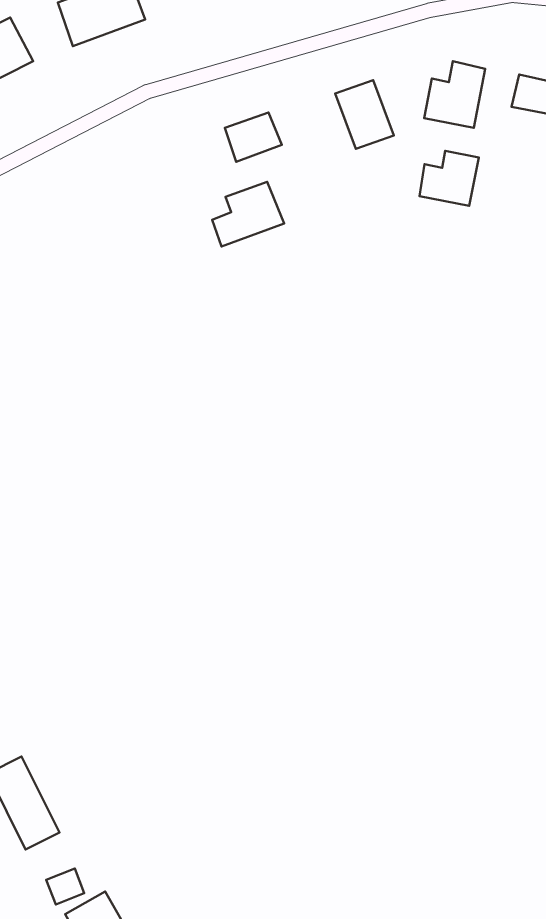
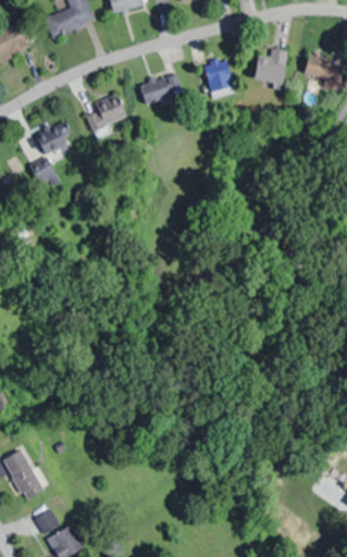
building: [420,151,479,206] -> none
building: [212,182,284,246] -> [86,95,127,132]
building: none -> [30,124,72,183]

